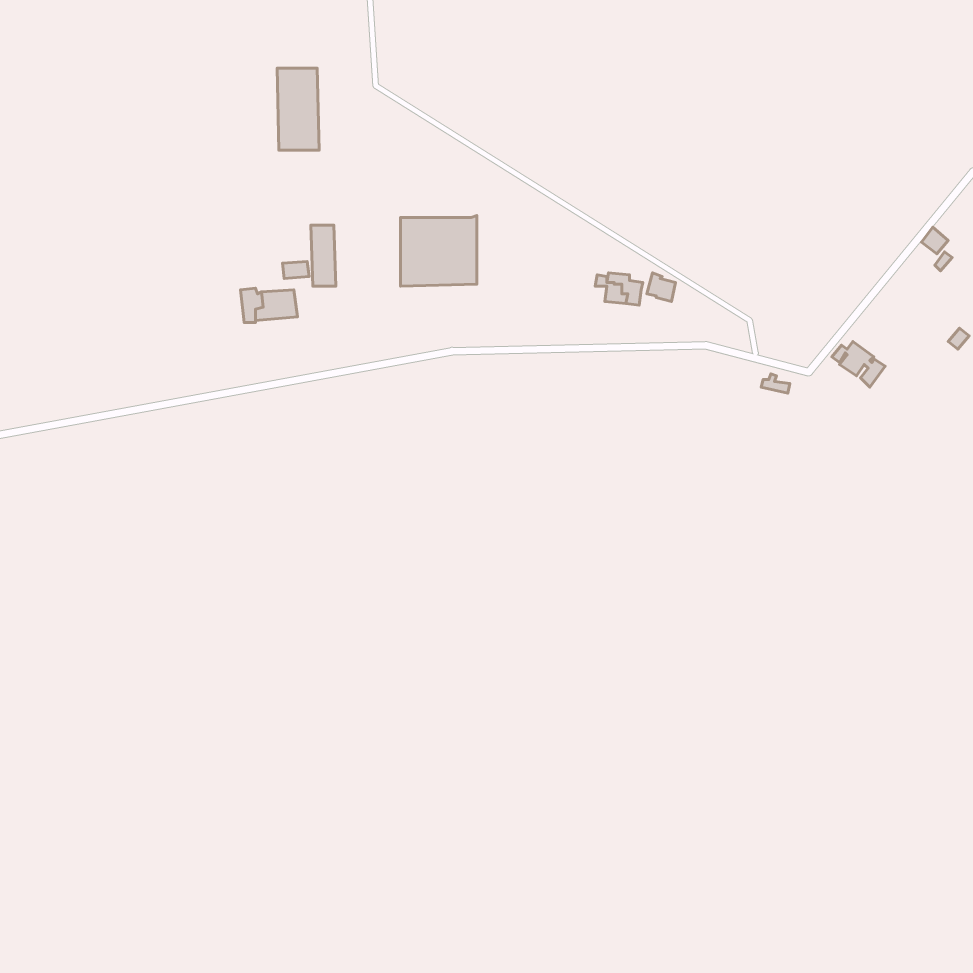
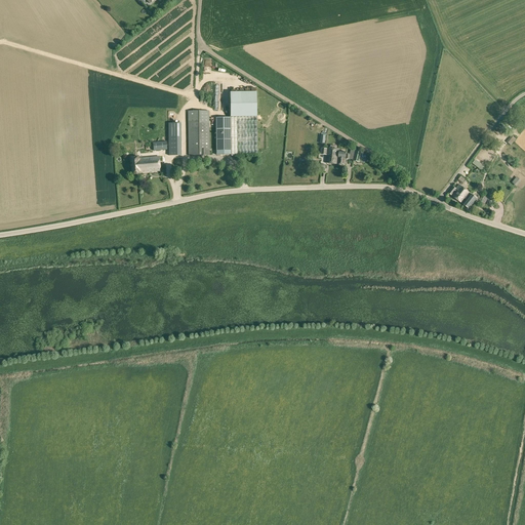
building: [277,68,319,150] -> [187,110,209,154]
building: none -> [229,91,253,117]

